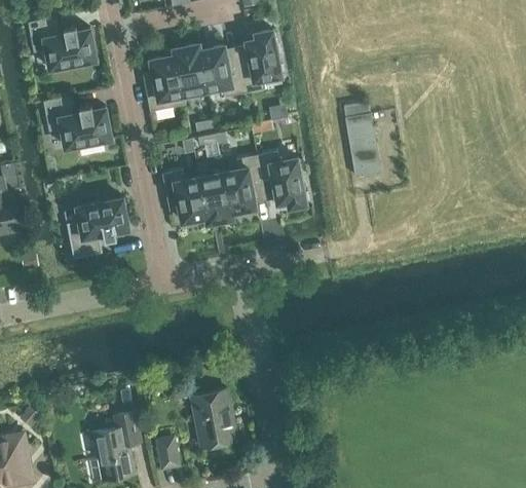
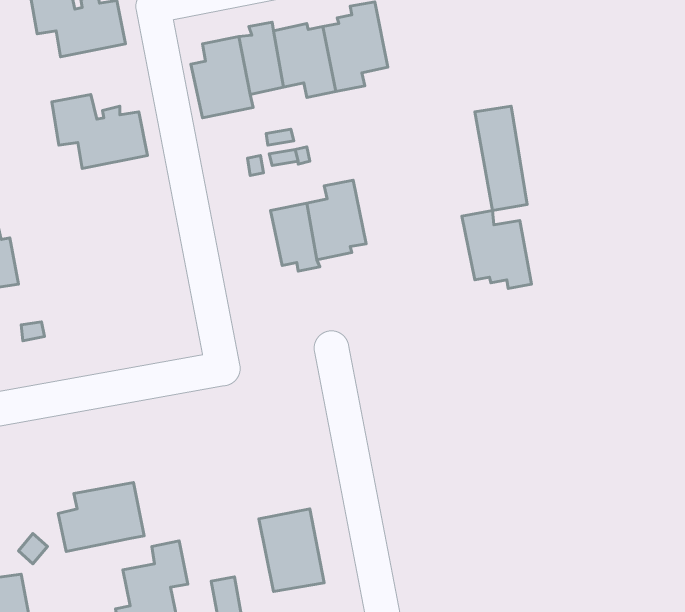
building: [258,152,307,208] -> [462,210,531,289]
building: [163,170,208,222] -> none
building: [68,198,129,259] -> none
building: none -> [58,482,144,552]

